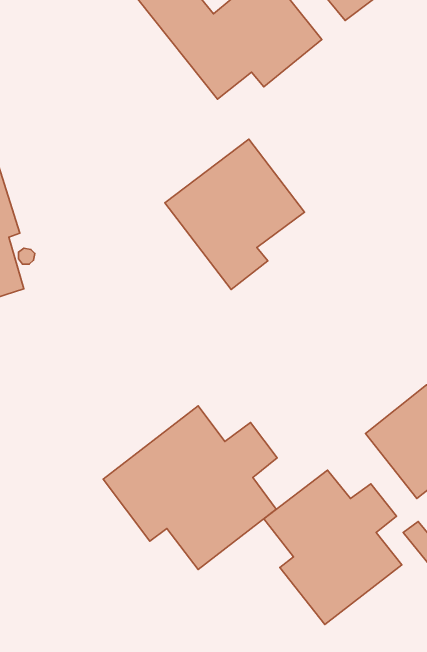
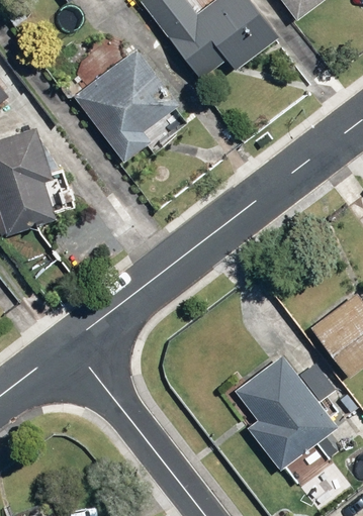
building: [165,139,304,289] -> [74,49,178,162]
building: [103,406,277,570] -> none

